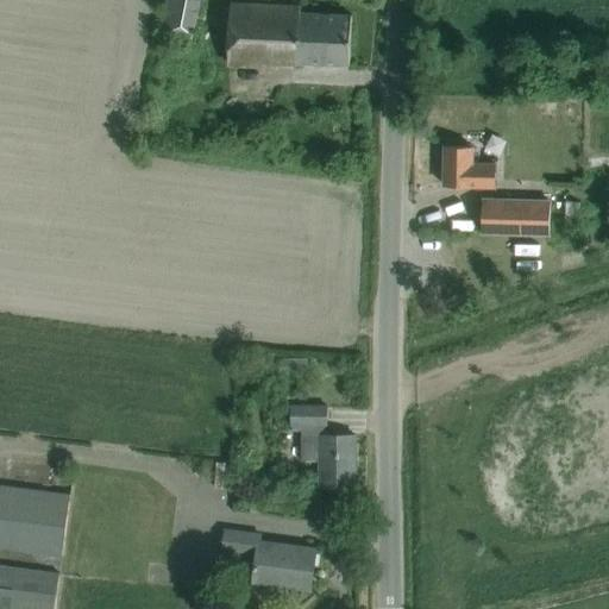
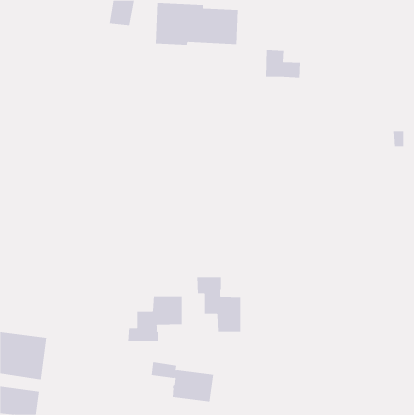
building: [442,145,495,187] -> [265,50,301,78]
building: [479,200,548,234] -> none
building: none -> [128,296,182,342]

